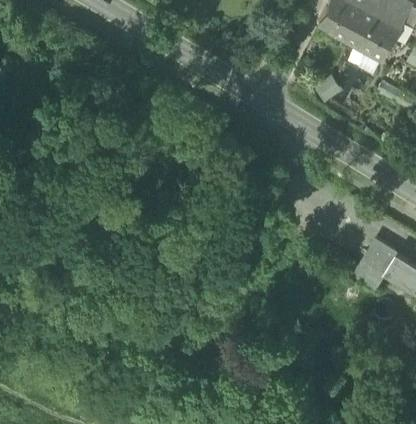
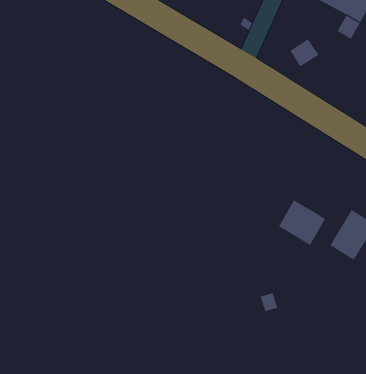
building: none -> [278,199,326,246]

